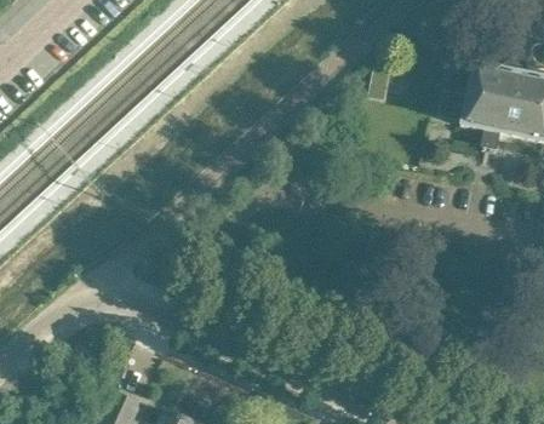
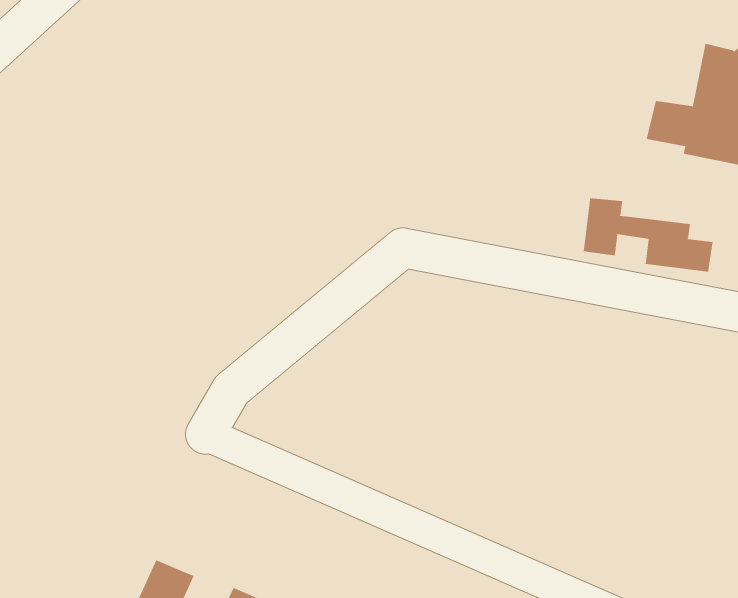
building: none -> [583,197,713,272]

